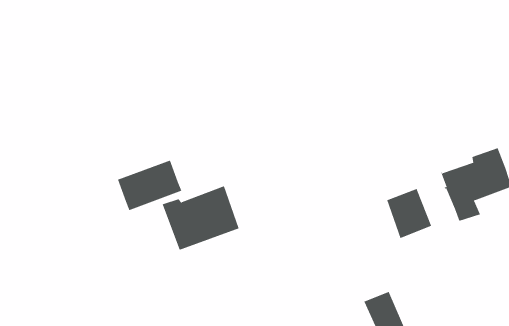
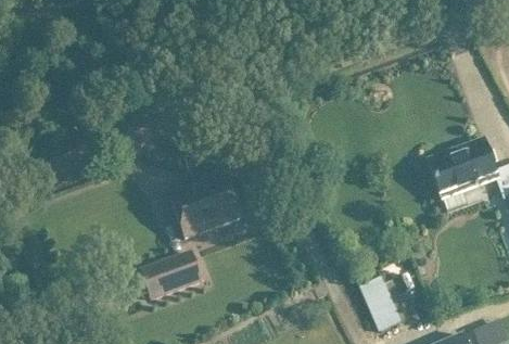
building: [117,160,182,211] -> [141,251,202,298]
building: [386,188,432,239] -> none

